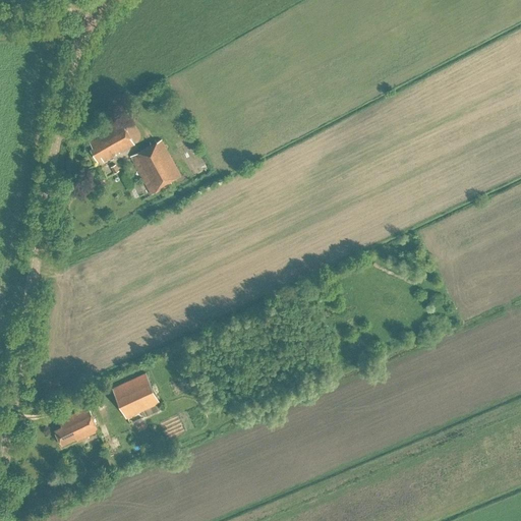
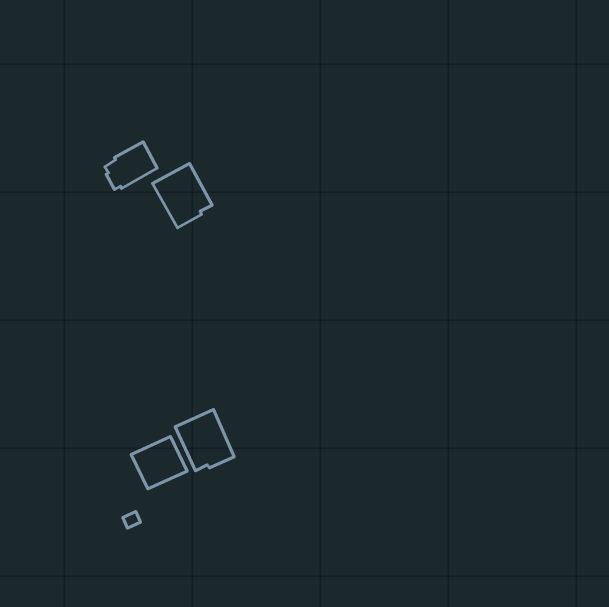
building: none -> [175,410,234,471]
building: [55,409,99,447] -> none

